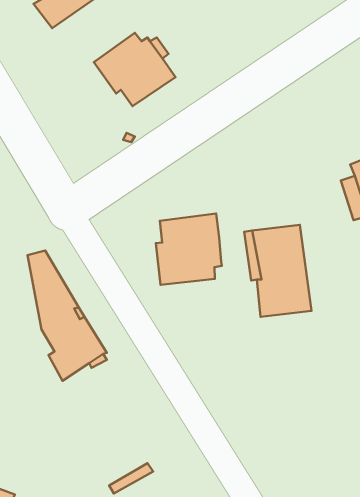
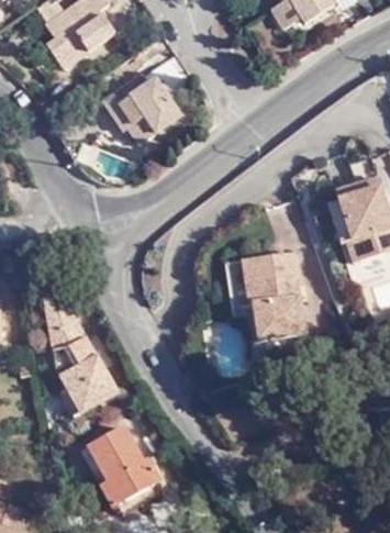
building: [156,214,222,285] -> none
building: none -> [80,418,157,501]

